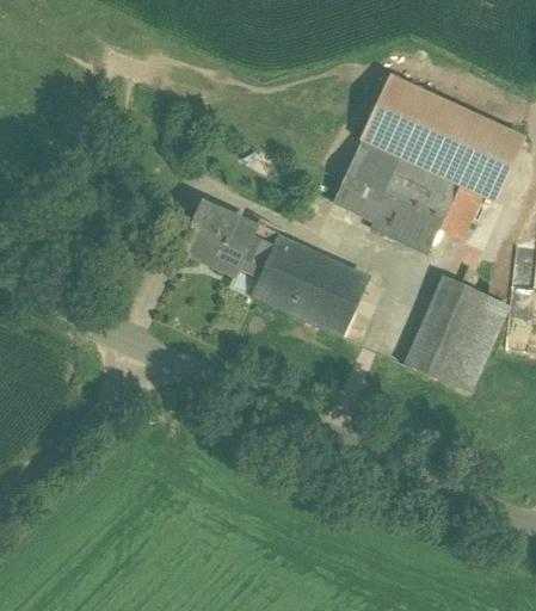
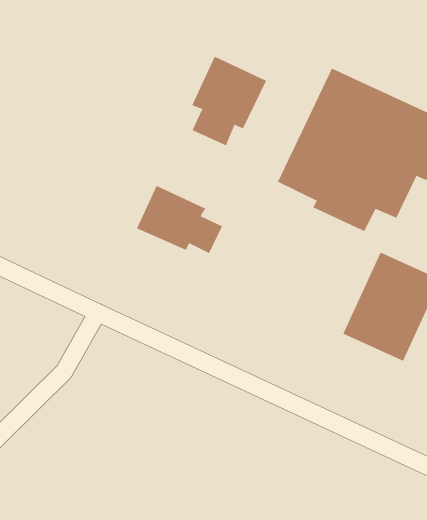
building: none -> [191,56,267,146]
building: [252,237,369,335] -> none

